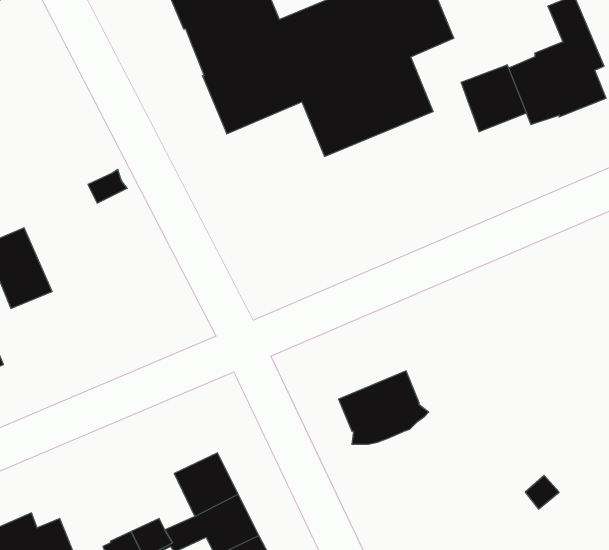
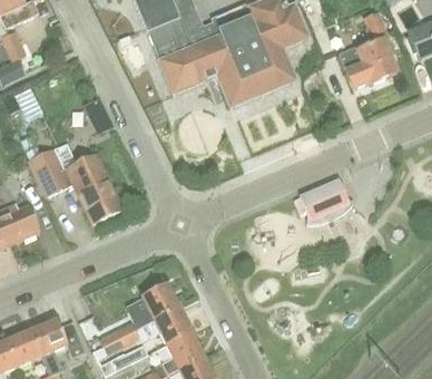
building: [461,65,526,132] -> none
building: none -> [51,143,120,223]
building: [339,371,429,444] -> [298,179,352,223]

